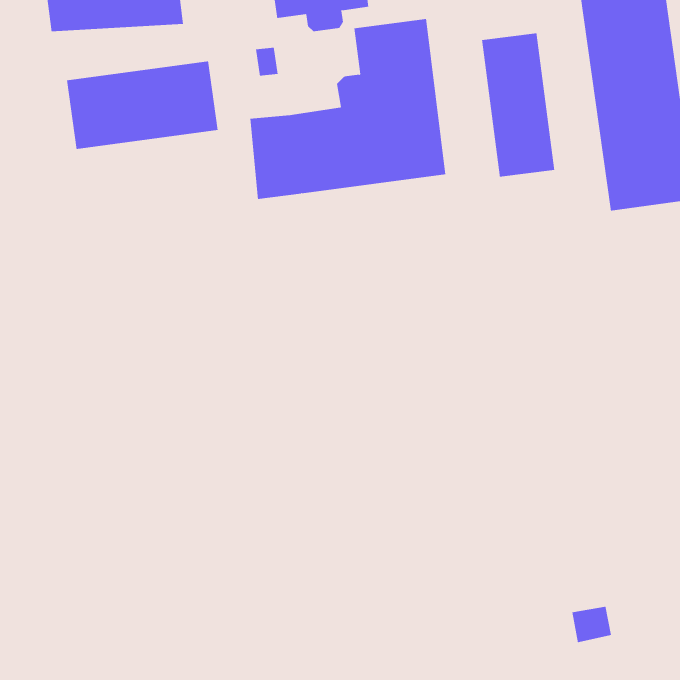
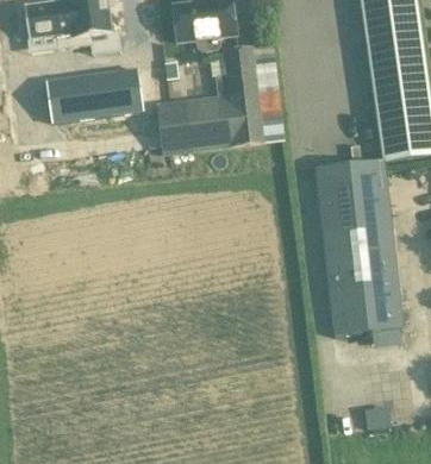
building: [481,32,555,177] -> none
building: none -> [314,159,402,333]

